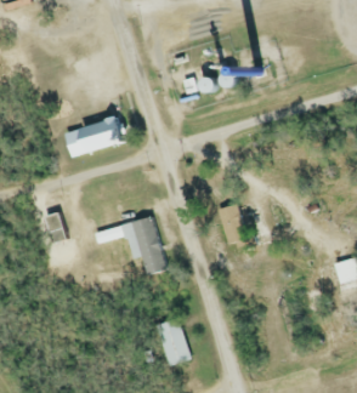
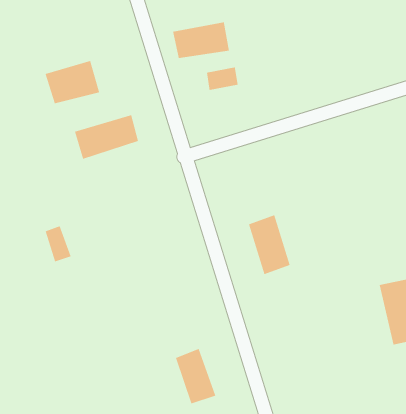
building: none -> [173,21,230,59]
building: none -> [45,60,100,104]
building: [93,216,165,274] -> none

